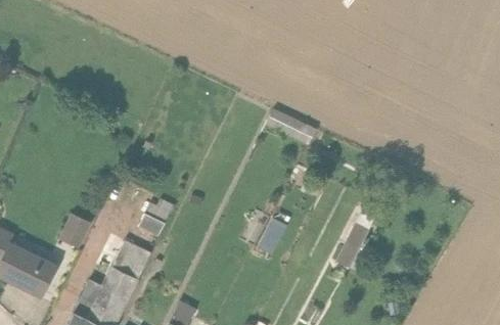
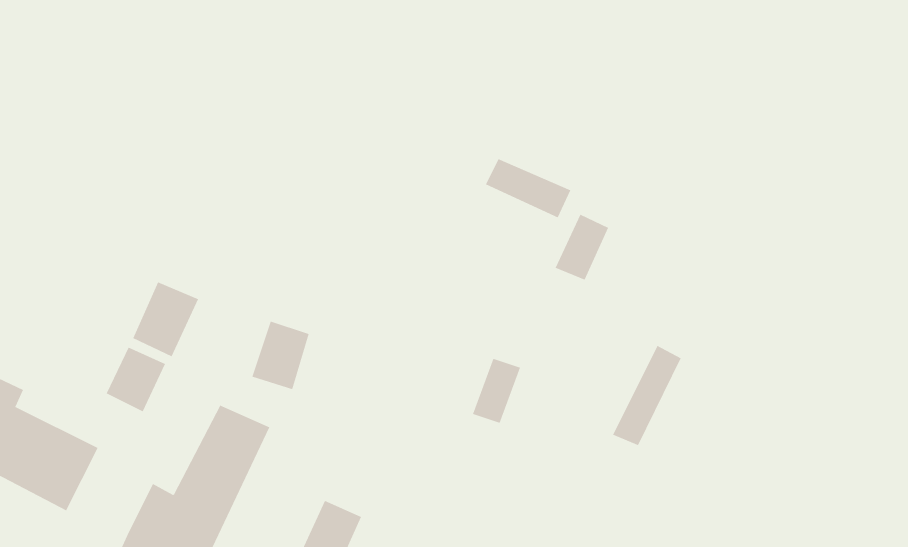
building: none -> [555,214,609,280]
building: none -> [132,282,199,357]

